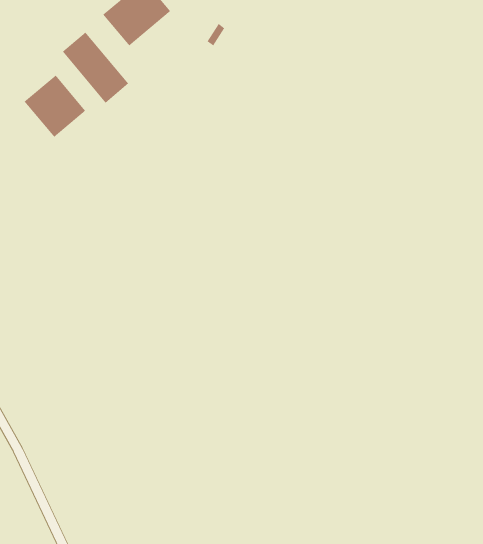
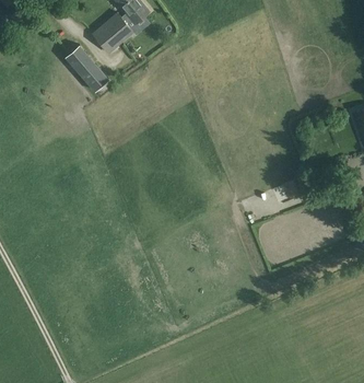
building: [24,75,86,138] -> none

